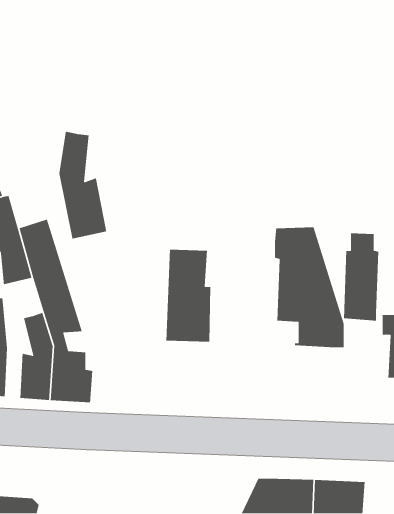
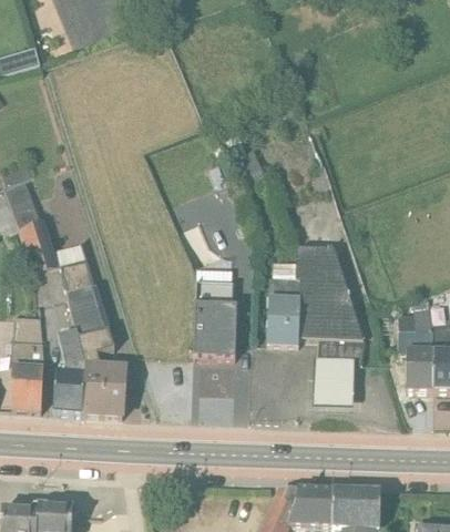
building: [59,131,107,239] -> none
building: [343,232,379,321] -> [266,263,300,347]
building: none -> [313,362,354,408]

